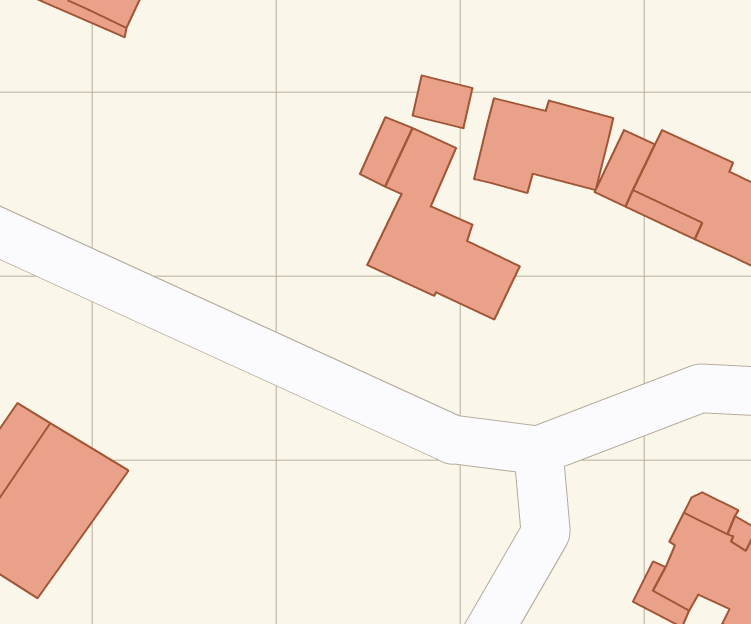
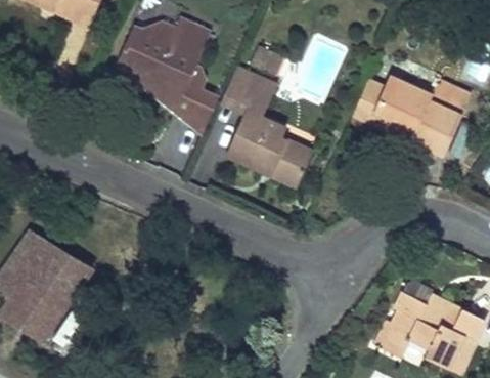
building: none -> [118,15,220,134]
building: [474,98,613,193] -> none

